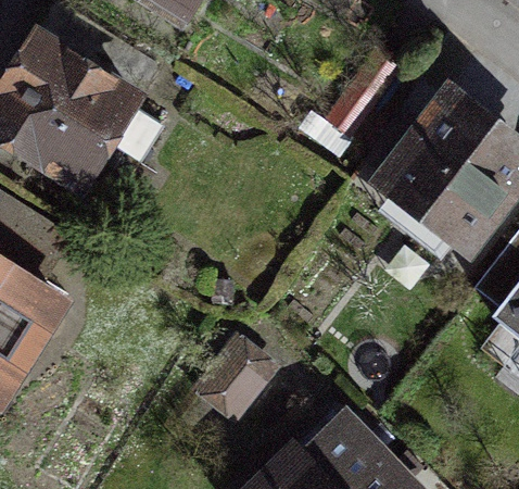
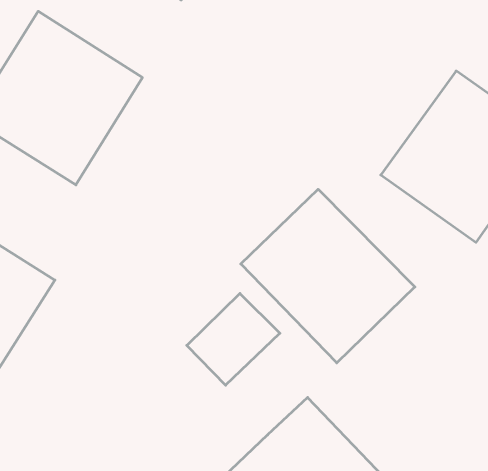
building: none -> [241,189,415,363]

